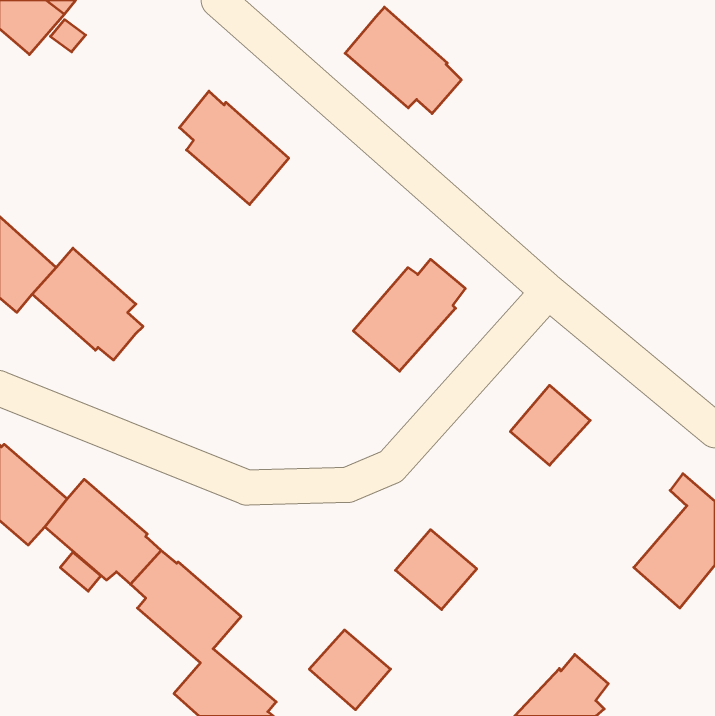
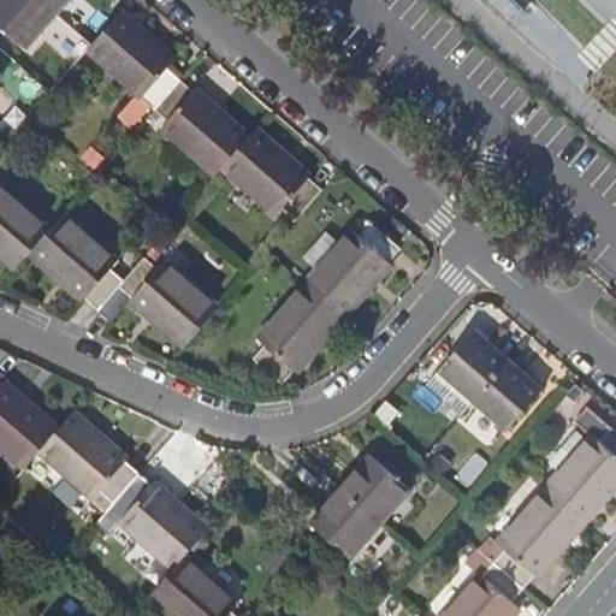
building: [345,7,461,114] -> [221,128,321,219]
building: none -> [85,11,179,109]
building: none -> [117,257,218,348]
building: none -> [253,284,343,384]
building: none -> [472,361,540,431]
building: none -> [493,487,584,587]
building: [309,630,391,710] -> [309,490,379,558]

